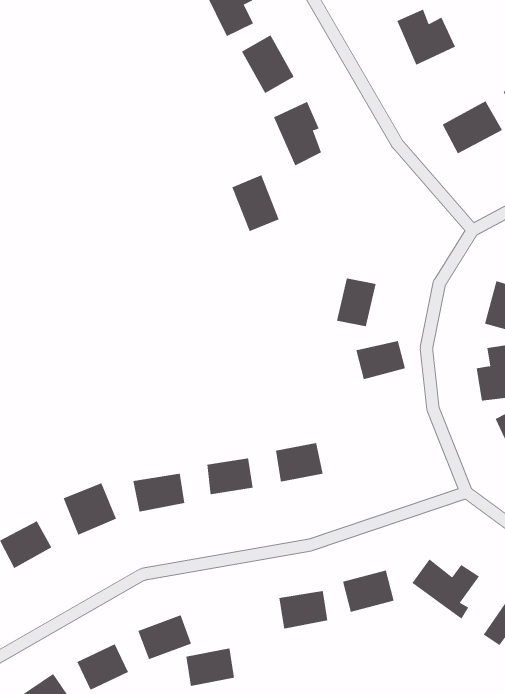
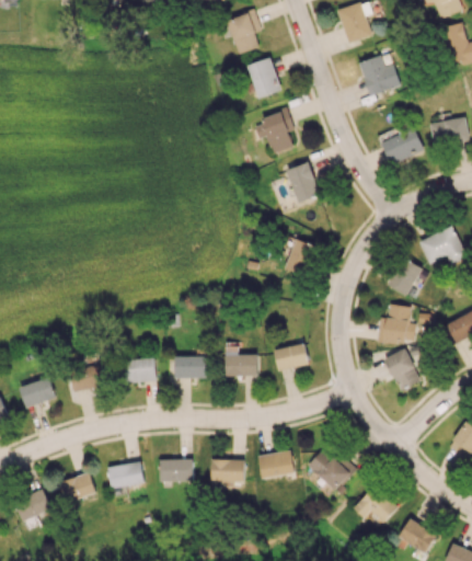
building: [231,175,280,232] -> [288,162,319,202]
building: [355,340,406,380] -> [274,345,308,369]
building: [185,648,235,687] -> [160,458,193,481]

